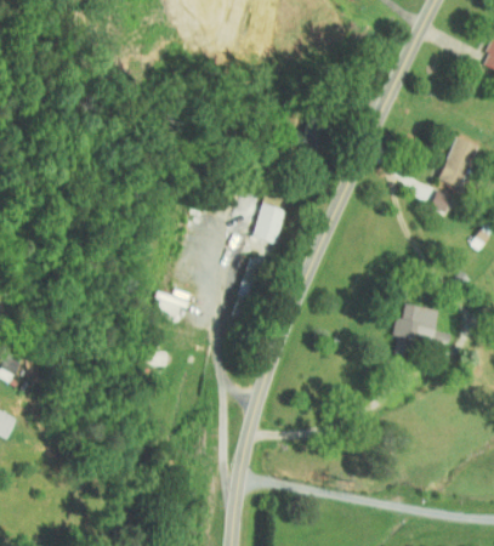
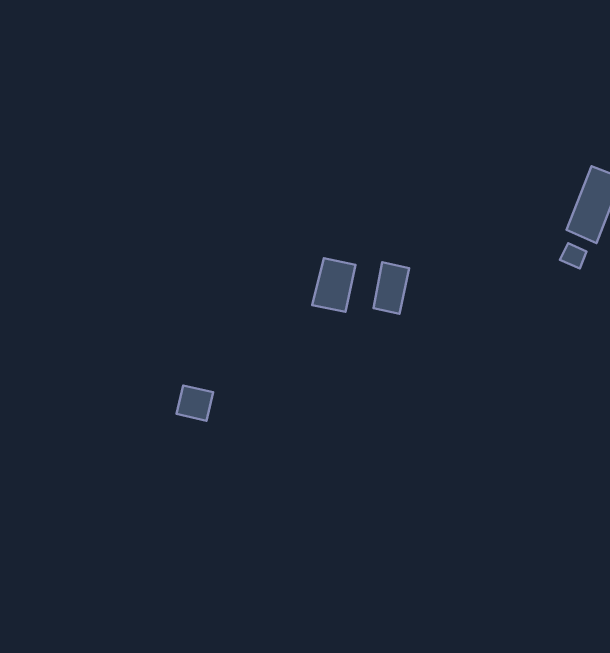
building: none -> [374,262,409,314]
building: [392,305,449,346] -> none

